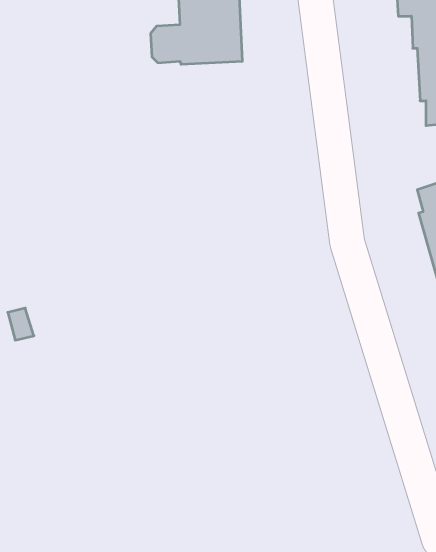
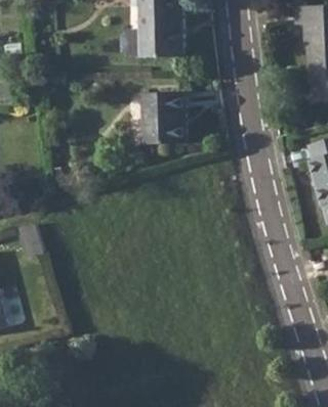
building: none -> [141,92,187,144]

